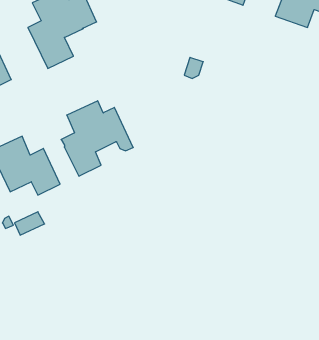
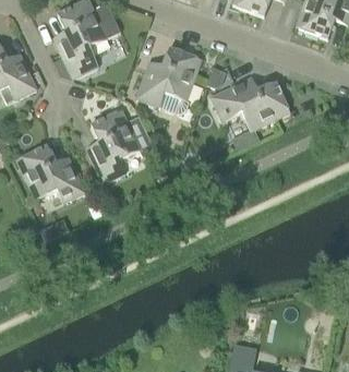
building: none -> [135,47,201,112]
building: none -> [210,76,289,133]

